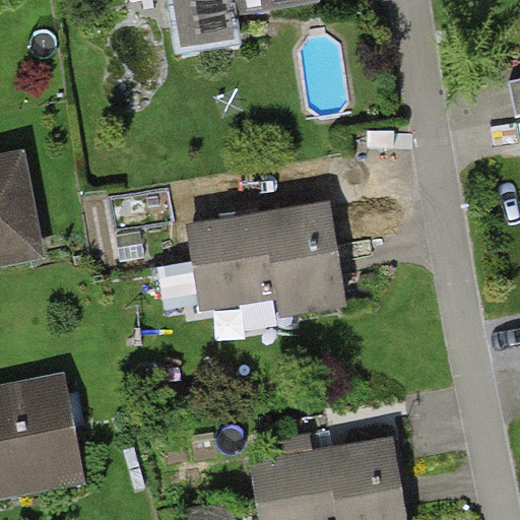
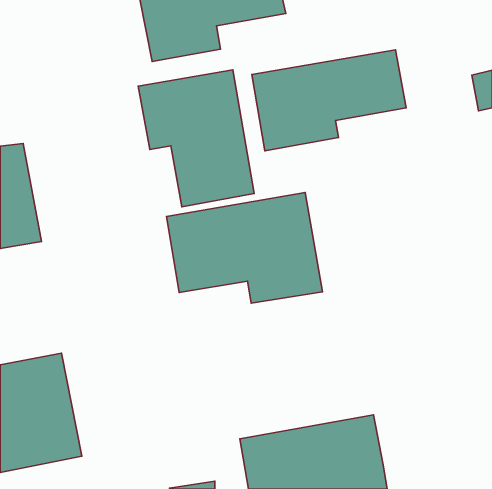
building: none -> [252,50,406,151]
building: none -> [138,70,254,207]

